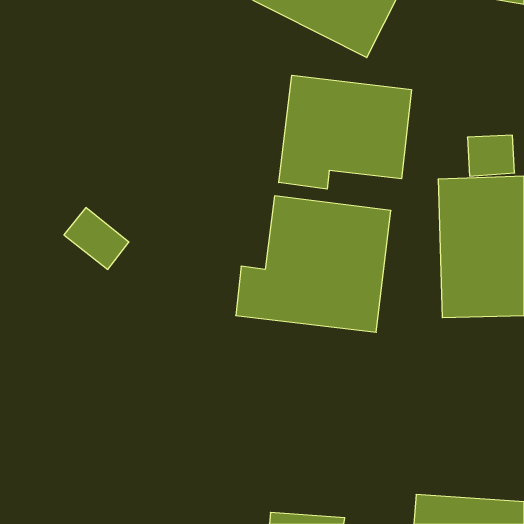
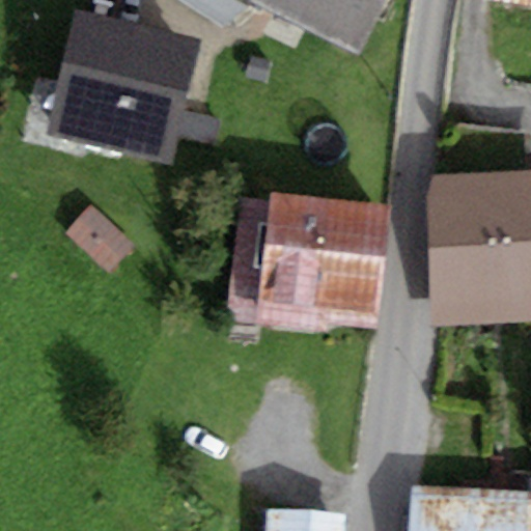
building: none -> [46,11,195,159]
building: [279,75,411,189] -> none

